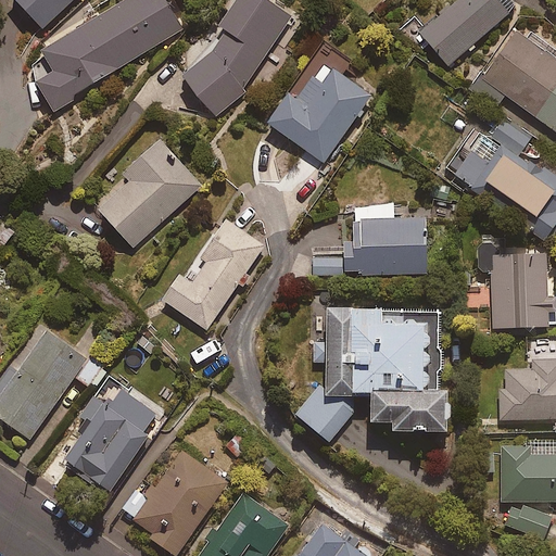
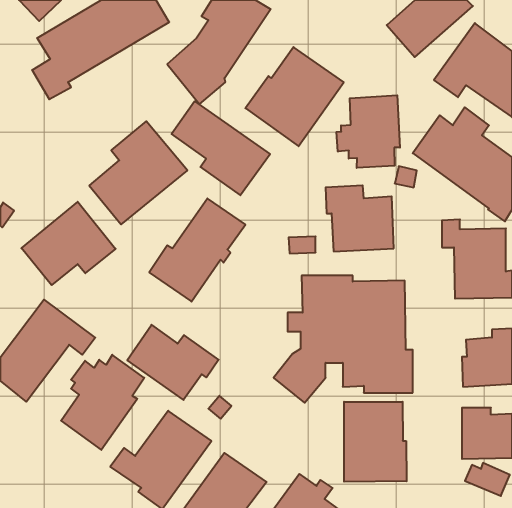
building: none -> [336,95,400,168]
building: none -> [172,101,270,195]
building: none -> [21,202,116,285]
building: none -> [127,325,219,400]
building: none -> [344,402,407,482]

